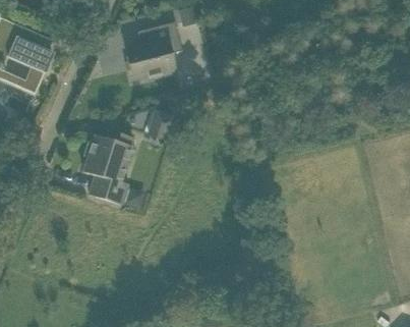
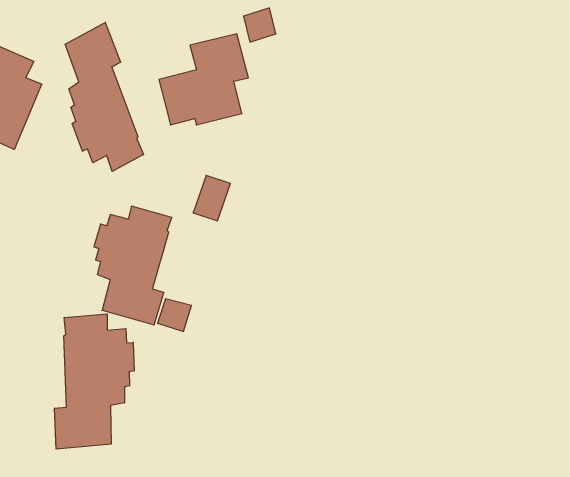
building: none -> [65,22,144,171]
building: none -> [54,314,134,449]

